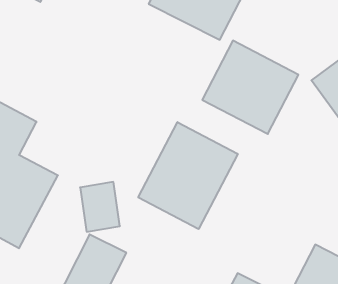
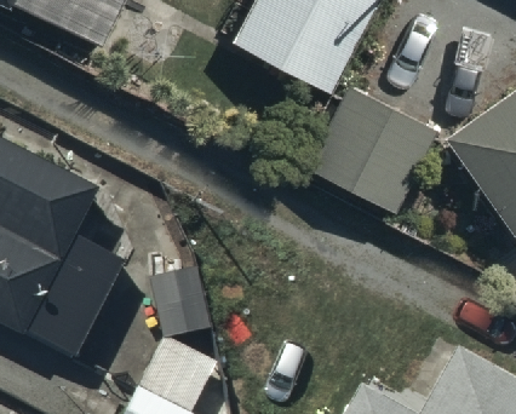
building: [138,122,238,229] -> none

